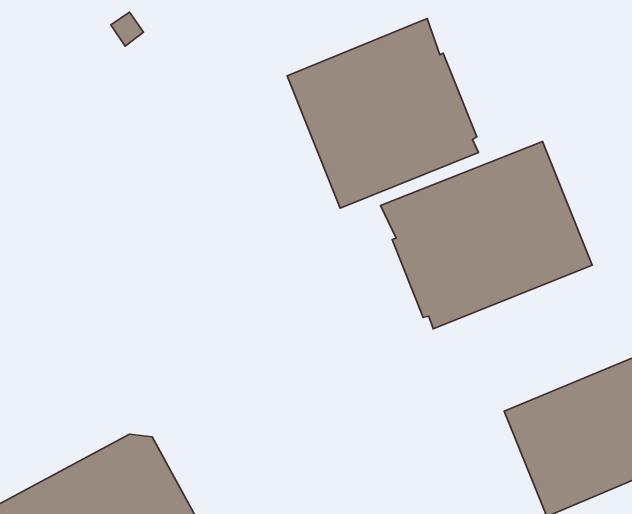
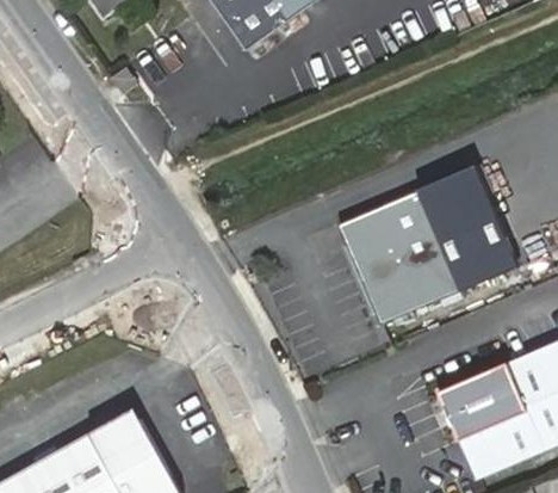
building: [287,18,479,208] -> none

